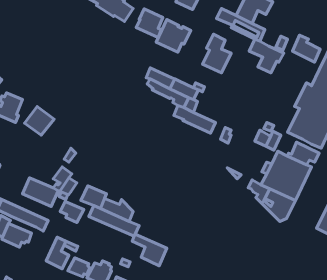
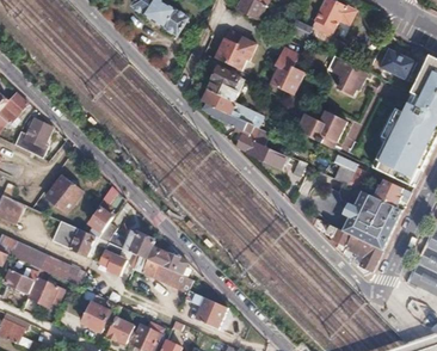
building: [136,9,163,37] -> [207,67,239,101]
building: none -> [296,111,345,148]
building: [24,106,54,135] -> [47,177,82,211]

